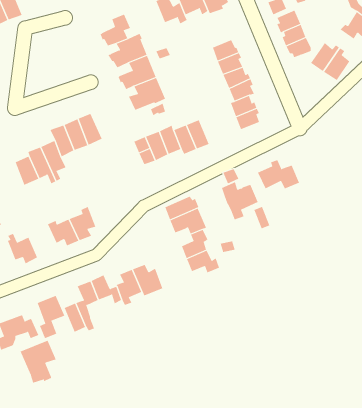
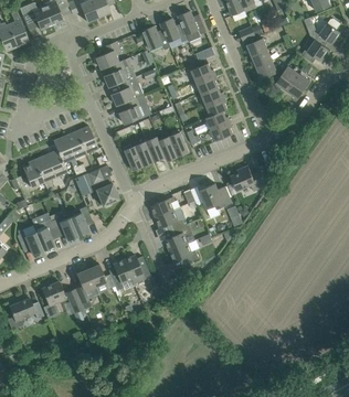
building: none -> [82,168,118,205]
building: none -> [32,218,57,249]
building: [20,340,56,384] -> none

